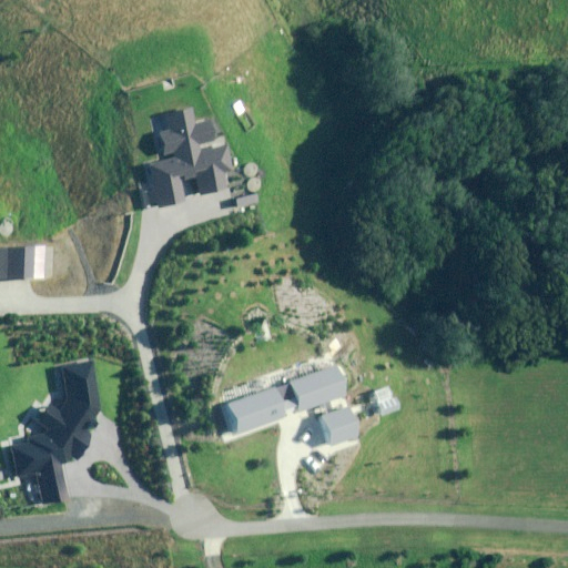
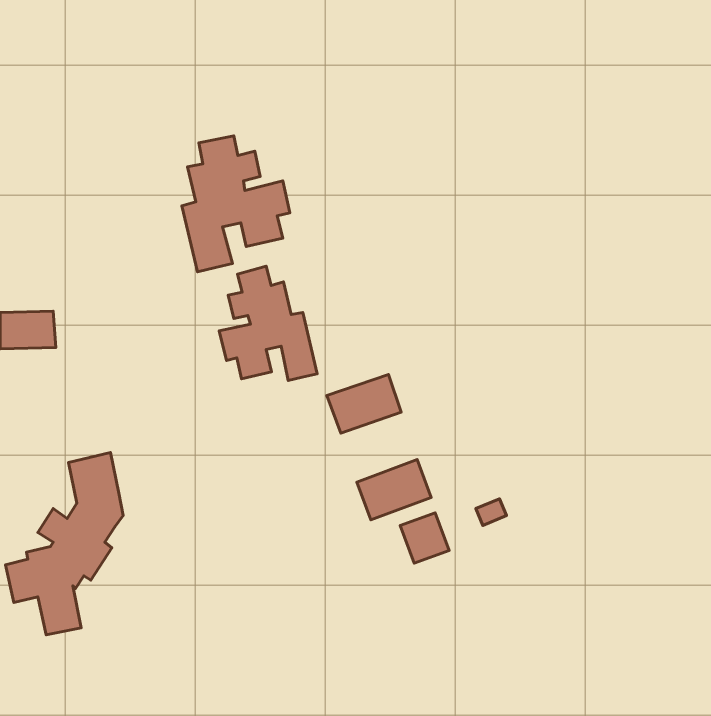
building: none -> [219,266,317,380]
building: [222,388,281,435] -> [327,374,401,433]

